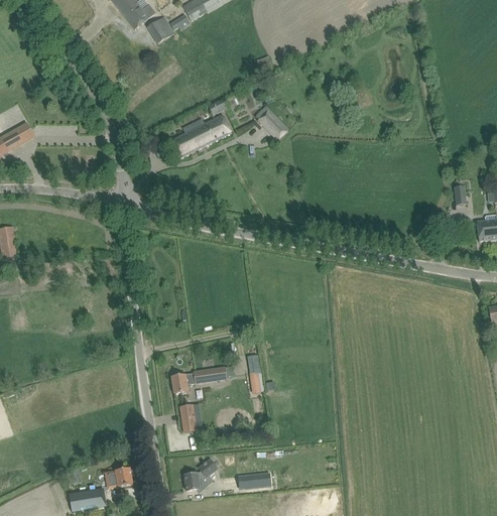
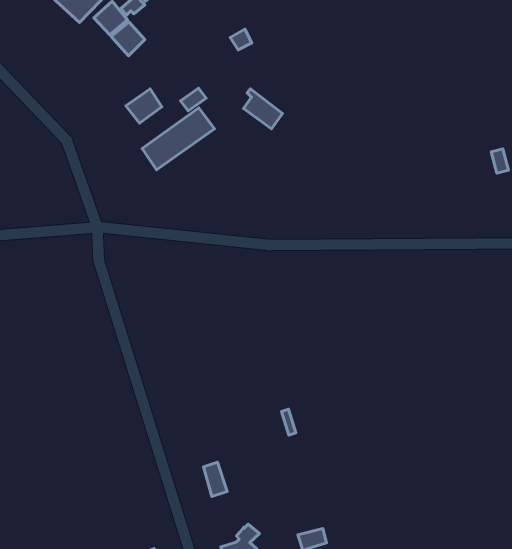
building: none -> [111,22,145,56]
building: none -> [126,89,162,123]
building: [170,366,226,392] -> none

